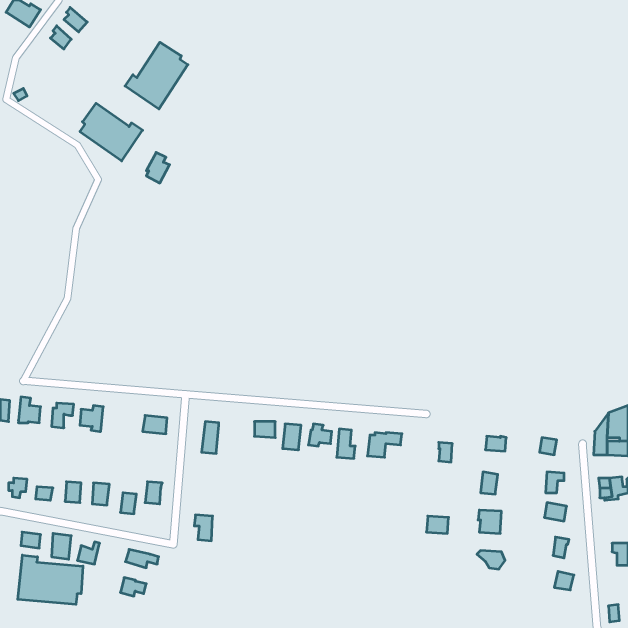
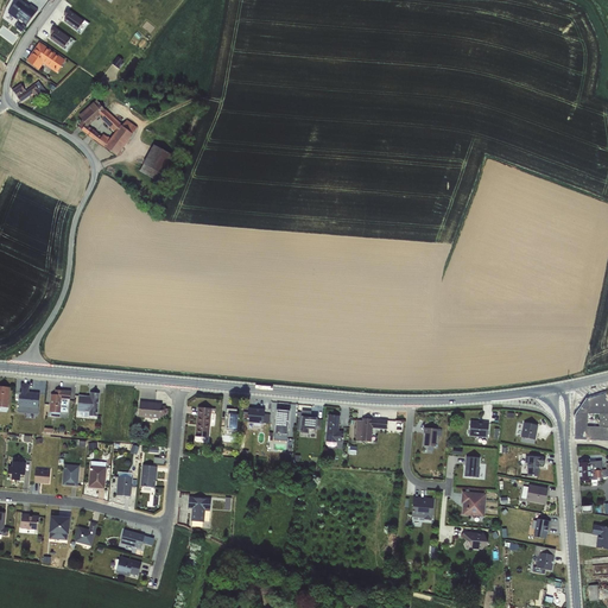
building: none -> [25,40,65,71]
building: [125,42,188,109] -> none
building: [18,555,83,604] -> none

